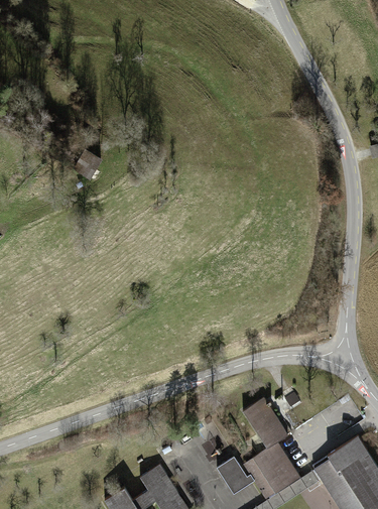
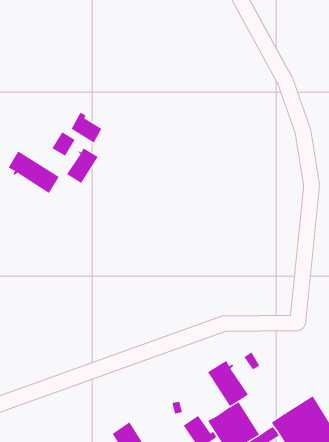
building: none -> [71,112,102,143]
building: none -> [66,147,99,184]
building: none -> [8,150,60,194]

